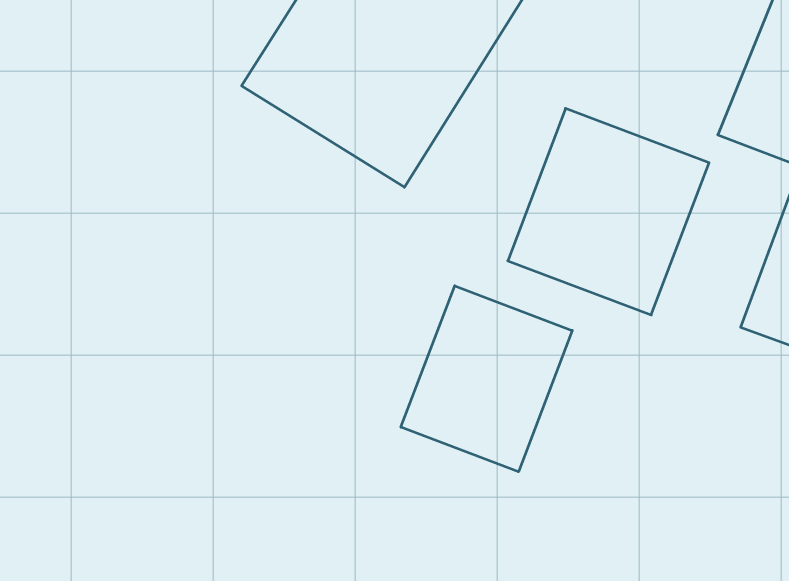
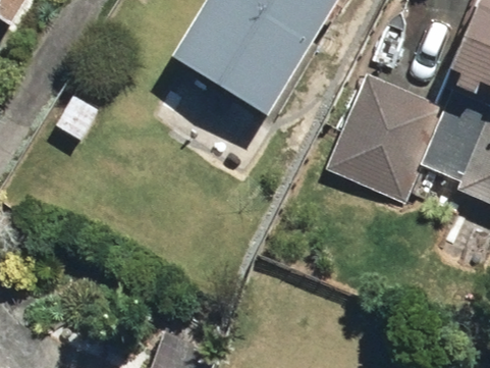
building: [401,286,572,472] -> none

